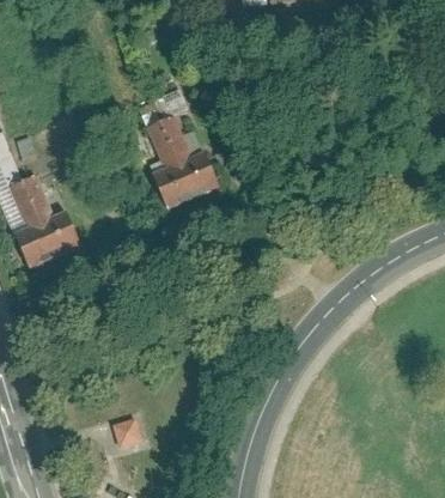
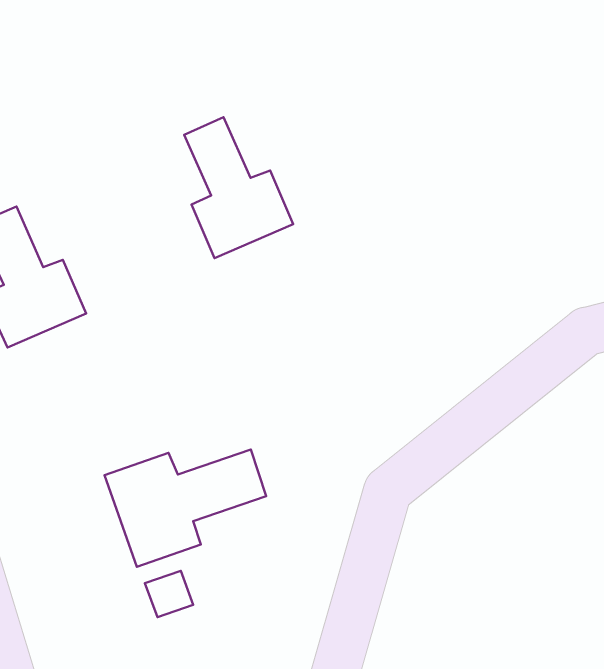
building: none -> [104,450,266,567]

